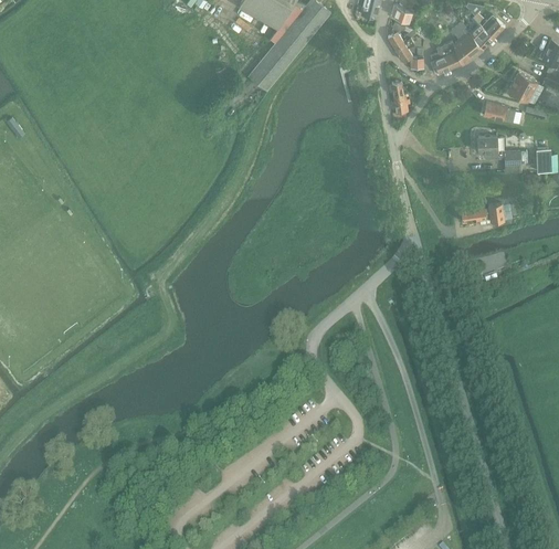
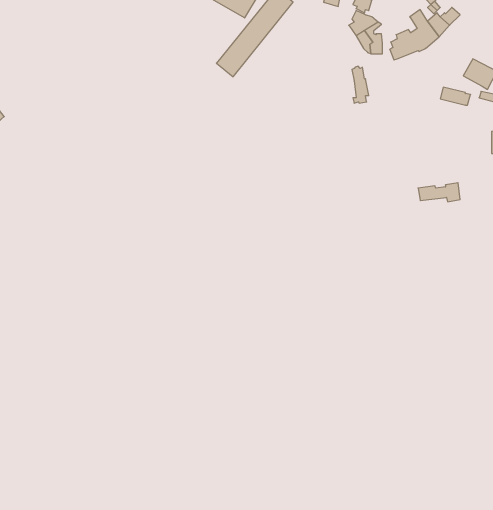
building: [476,135,519,163] -> none

